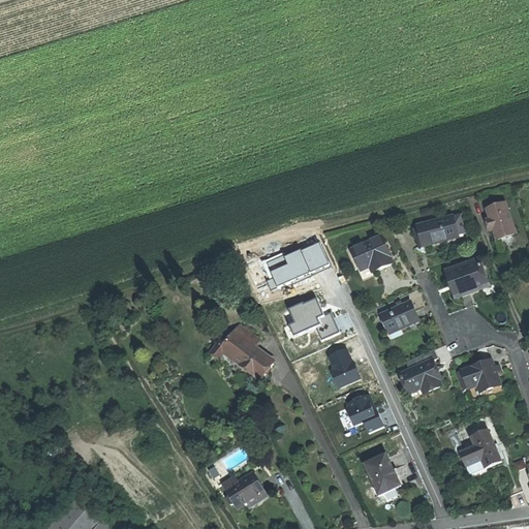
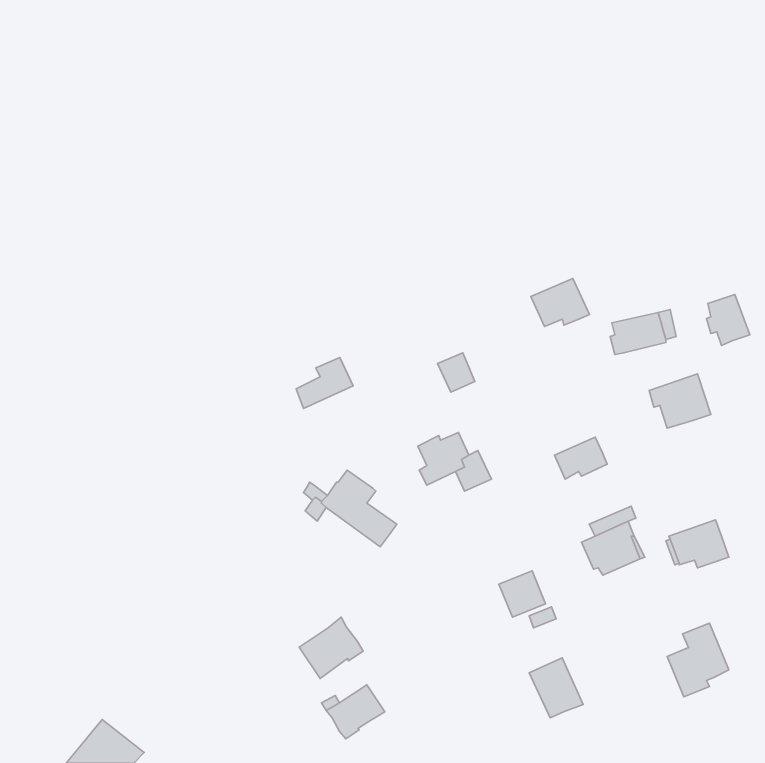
building: [351,235,392,268] -> [531,278,589,327]
building: [271,250,310,285] -> [296,357,353,408]
building: [326,346,359,387] -> none
building: none -> [299,617,363,679]

